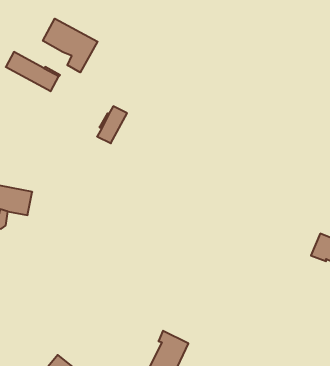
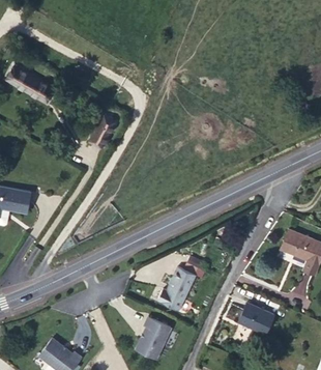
building: [43,19,98,72] -> none
building: none -> [157,266,196,310]
building: none -> [239,303,274,334]

